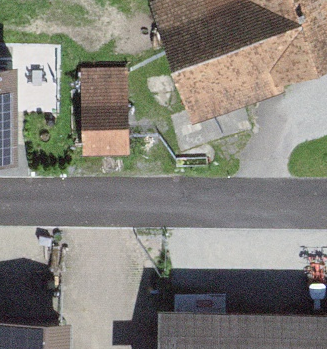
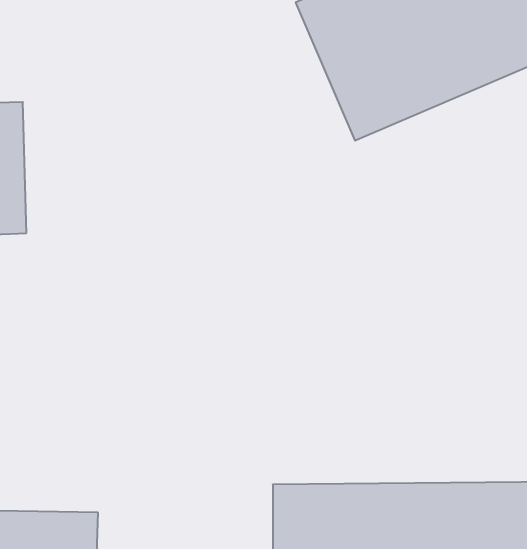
building: [79,69,133,155] -> none

